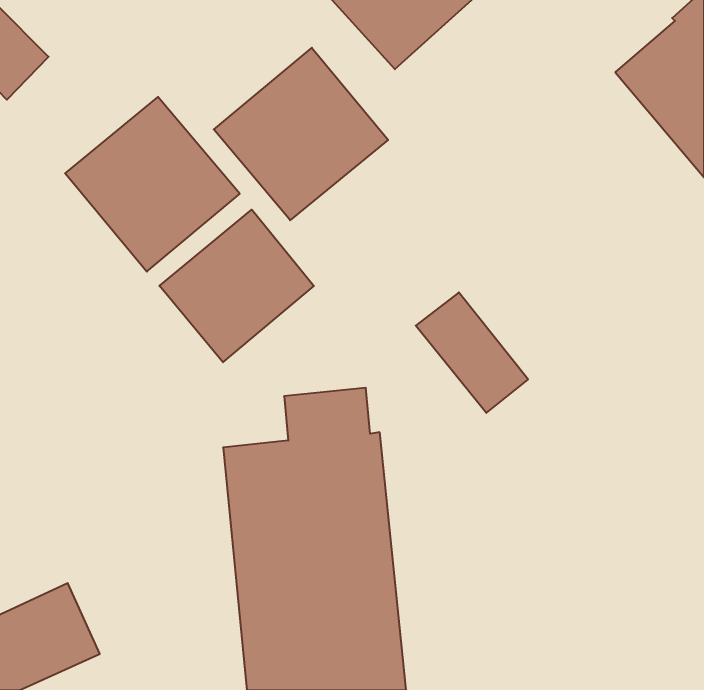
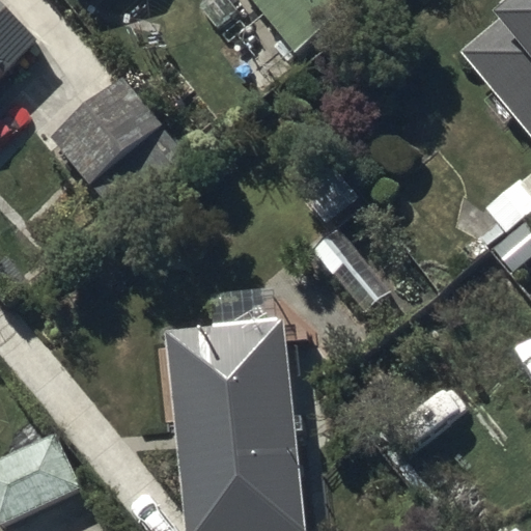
building: [214,48,388,220] -> none
building: [159,210,314,362] -> none

